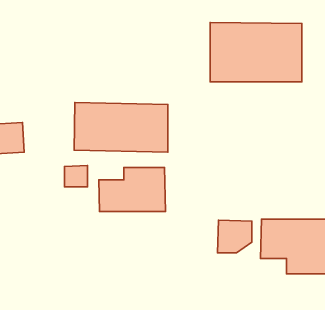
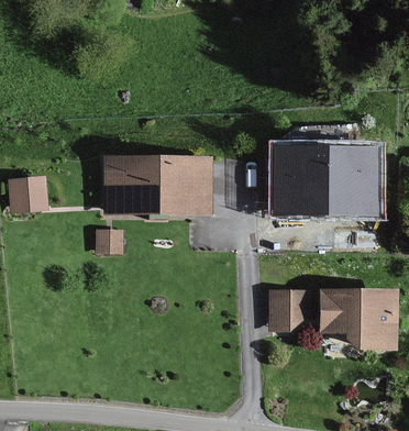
building: [210,23,302,82] -> [274,144,379,212]
building: [99,167,165,212] -> none

